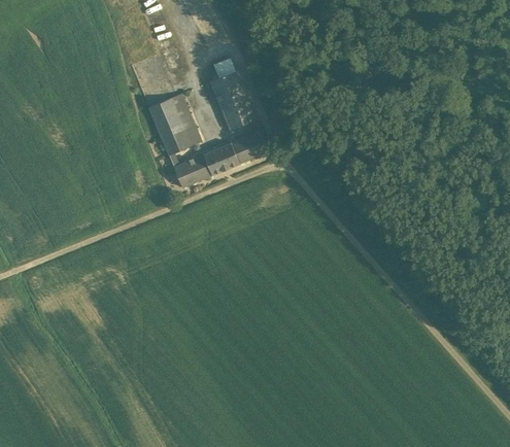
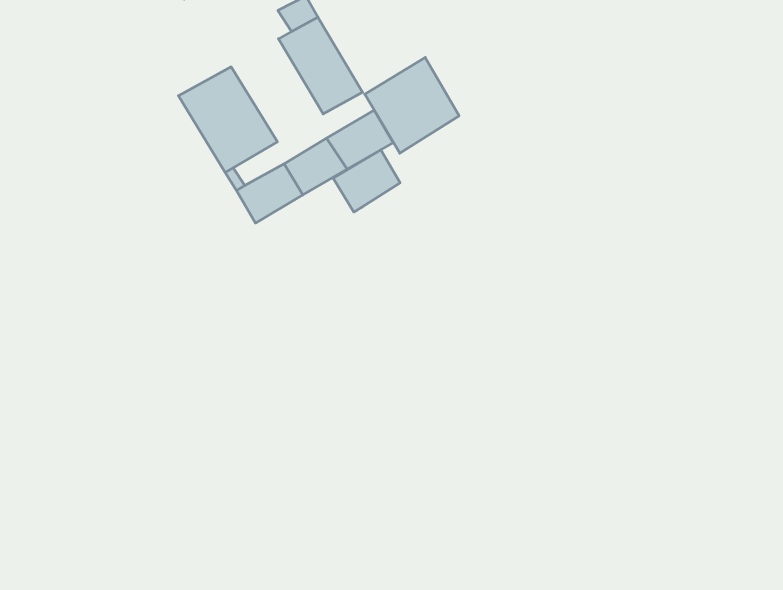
building: none -> [365,57,459,153]
building: none -> [333,150,400,212]

